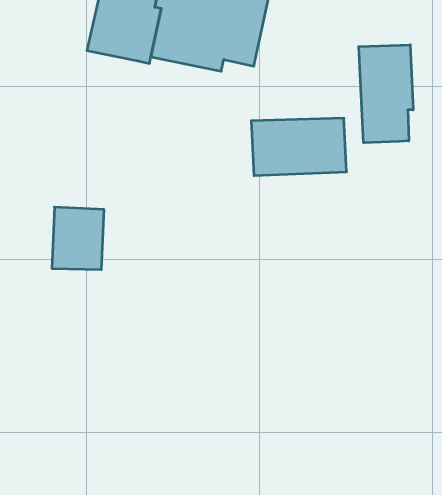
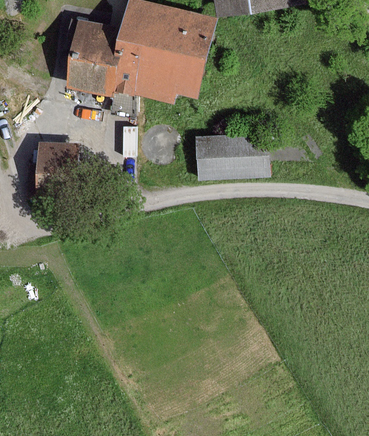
building: [359,45,413,143] -> none
building: [52,207,104,270] -> [34,145,74,193]

